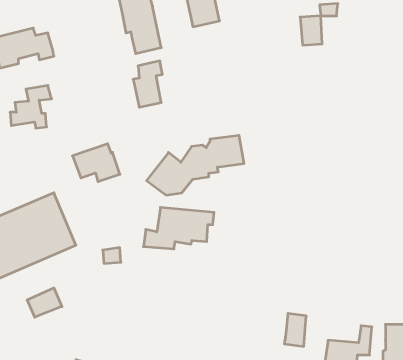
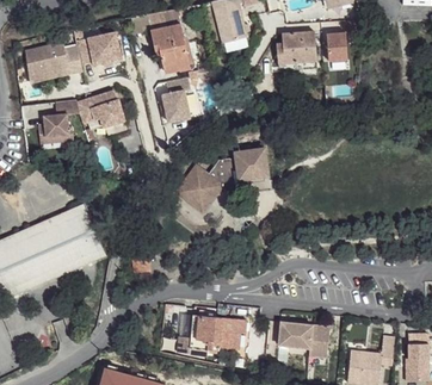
building: none -> [276,32,315,63]
building: none -> [76,33,121,66]
building: [72,144,120,182] -> [81,88,128,125]
building: [143,207,214,249] -> [185,311,254,352]
building: [27,288,62,317] -> none
building: none -> [280,319,313,346]

